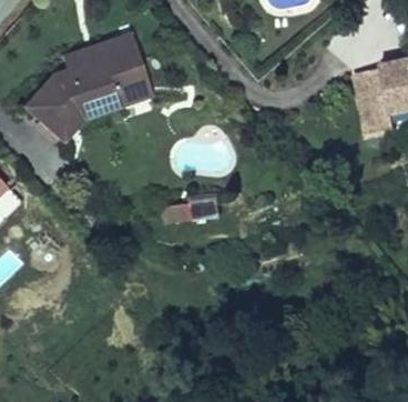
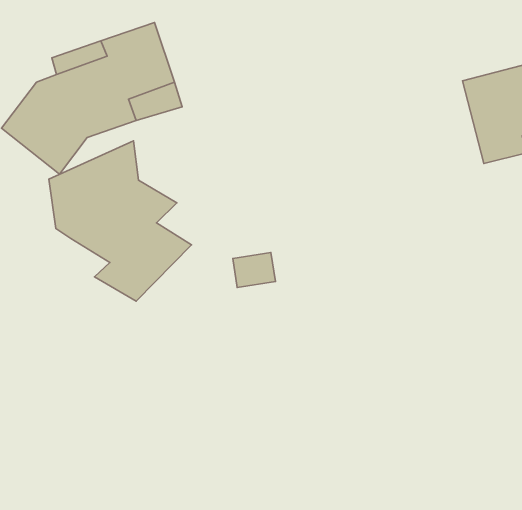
building: none -> [49,141,191,301]

